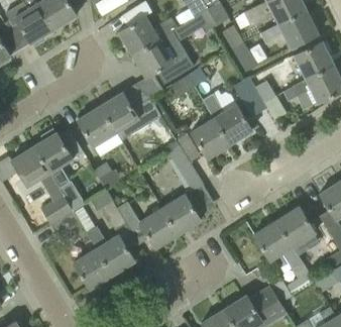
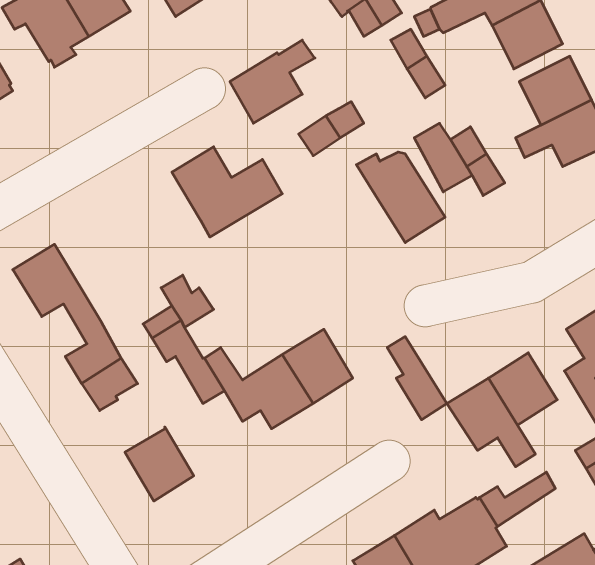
building: [118,15,158,54] -> none
building: [77,105,116,145] -> none
building: [191,117,230,158] -> none
building: [34,128,73,189] -> none
building: [168,145,202,192] -> [387,337,447,420]
building: [87,227,135,275] -> none

